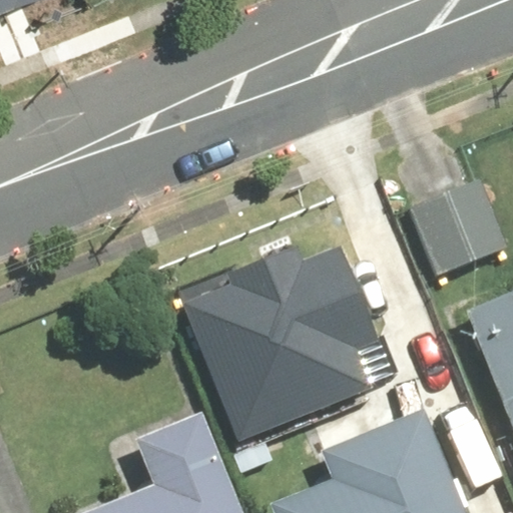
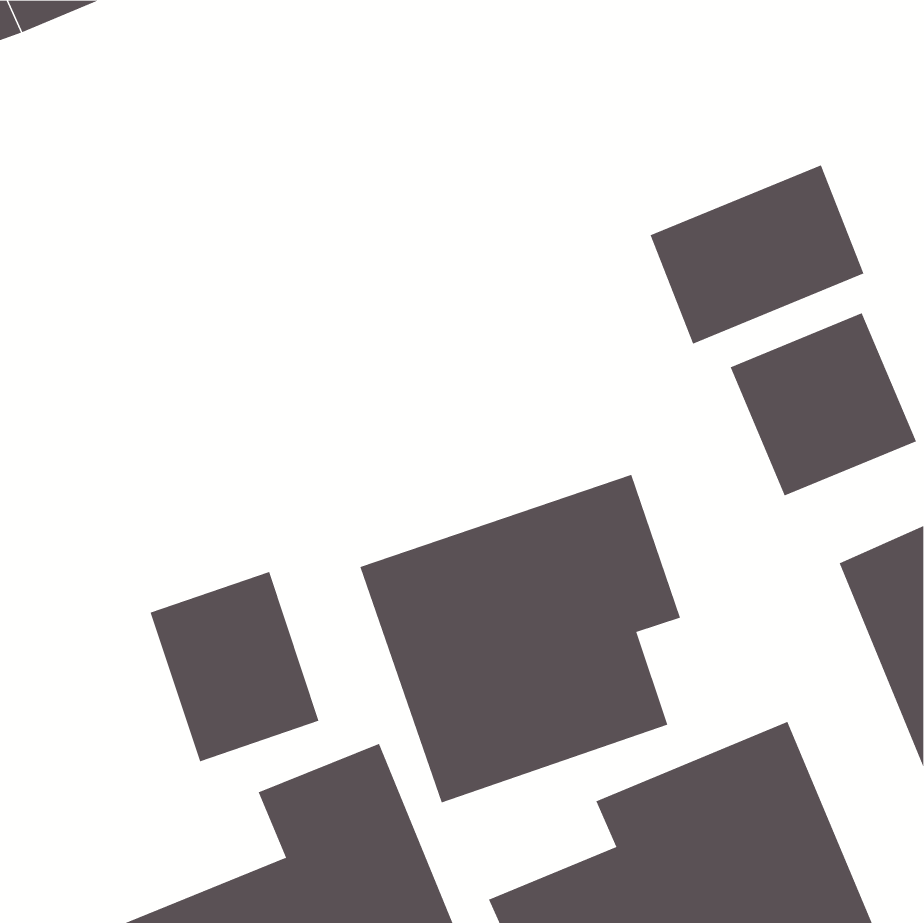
building: none -> [650,164,864,344]
building: none -> [150,571,319,762]

